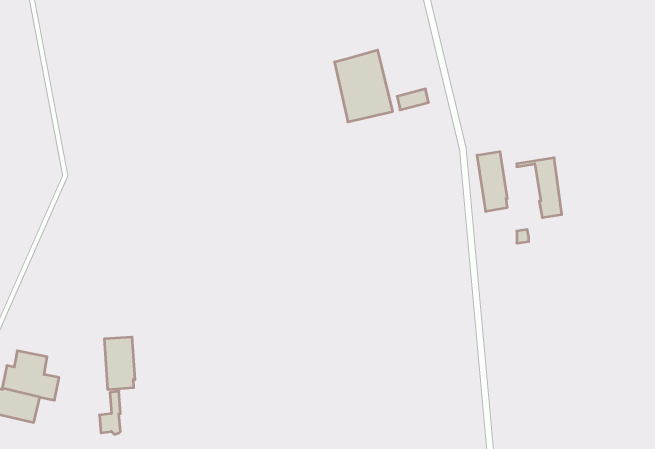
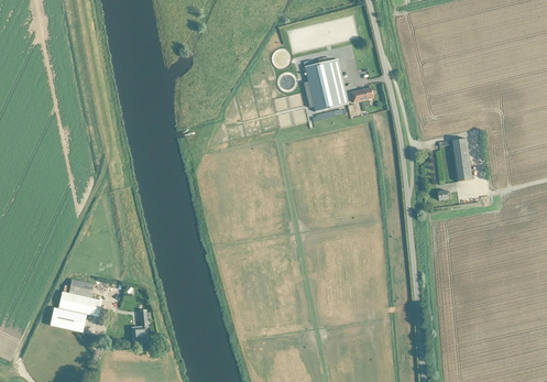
building: [477,152,507,212] -> none
building: [105,337,135,390] -> none

